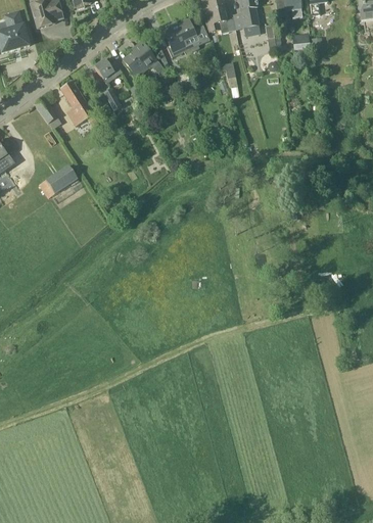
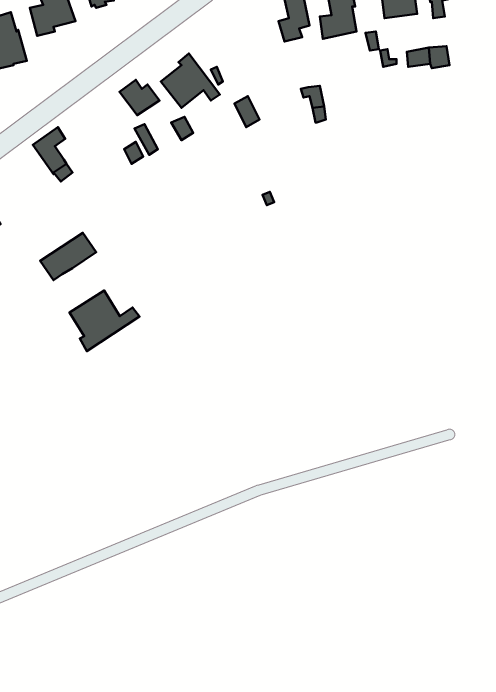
building: [161,19,198,52] -> none
building: [60,80,98,128] -> none
building: none -> [70,290,139,351]

